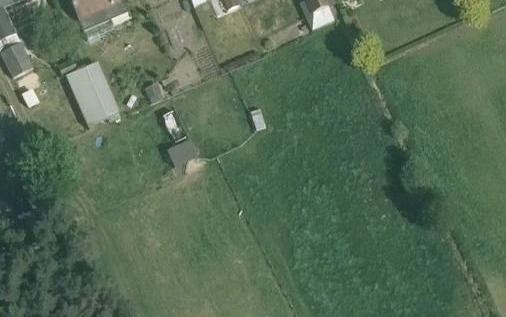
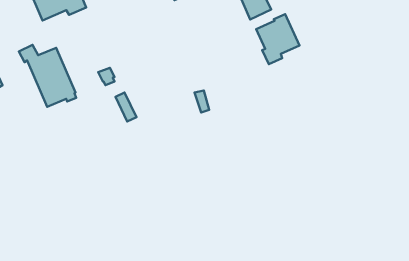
building: none -> [256,14,299,64]
building: [167,137,198,166] -> none

